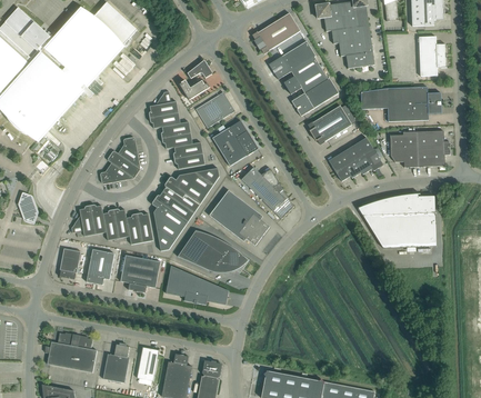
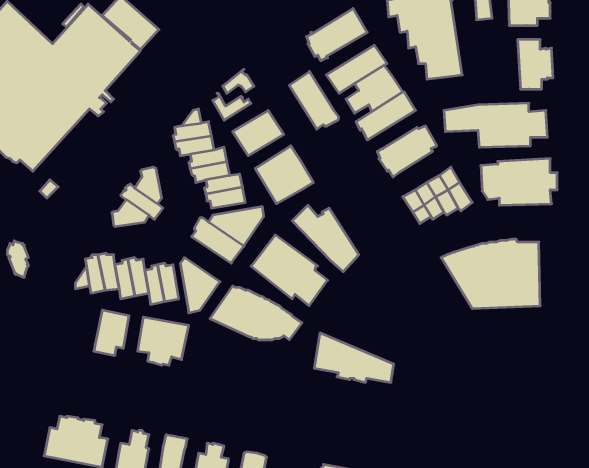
building: none -> [289,71,338,129]
building: [151,191,193,227] -> none
building: [59,248,80,279] -> none
building: [166,266,228,305] -> [314,333,394,382]

